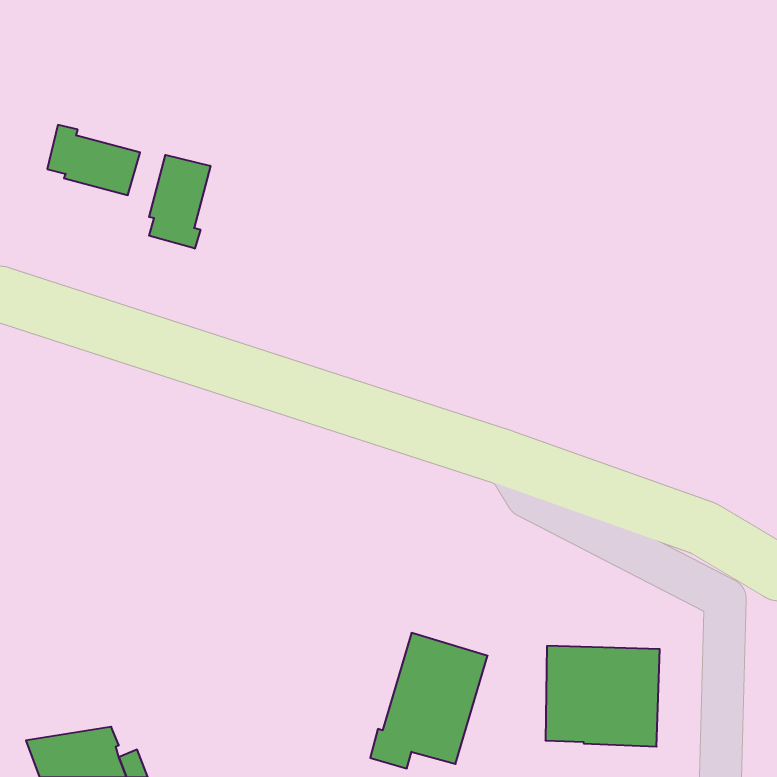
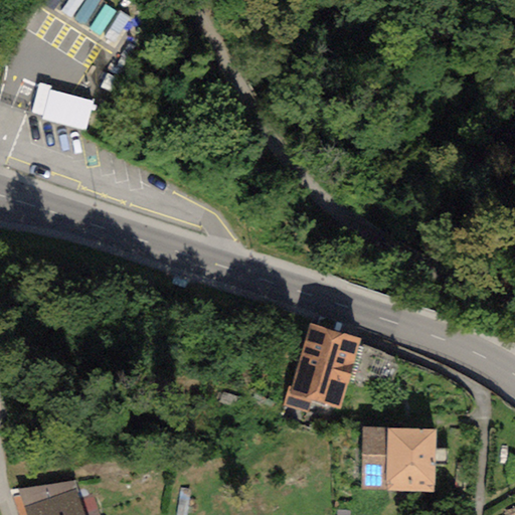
building: [149,155,210,249] -> none
building: [370,633,488,768] -> [284,322,361,411]

